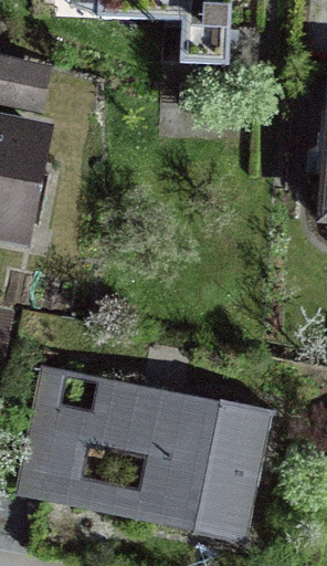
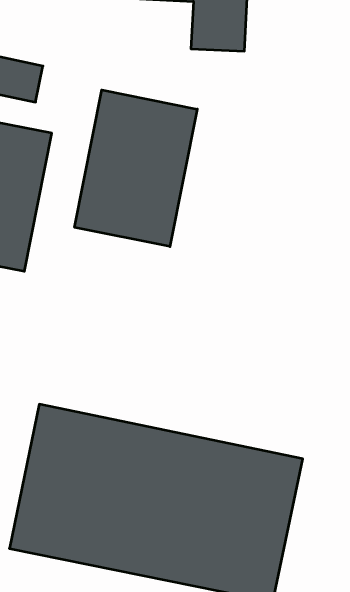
building: none -> [75,90,197,247]

